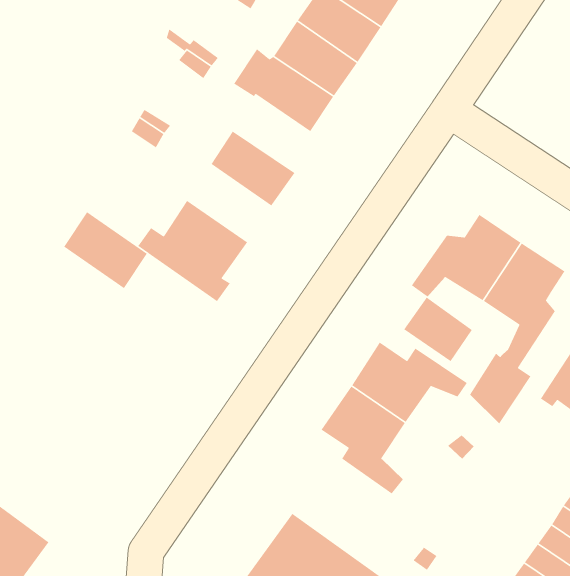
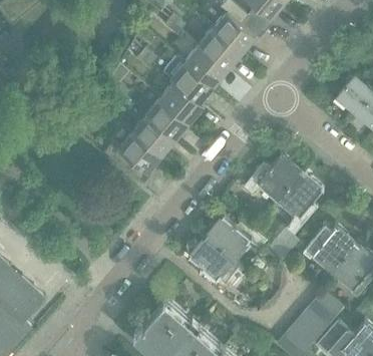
building: none -> [158,81,203,123]
building: [63,211,148,289] -> [131,114,174,156]
building: [403,297,473,362] -> none

